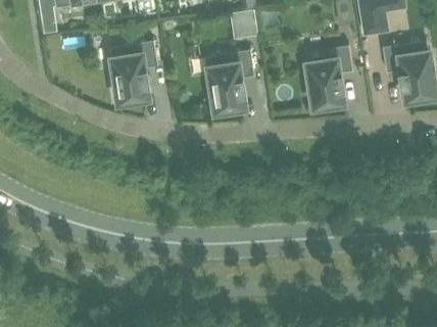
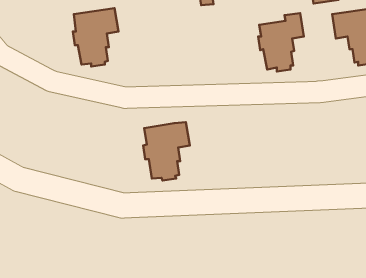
building: [205,50,254,111] -> [143,122,190,181]

